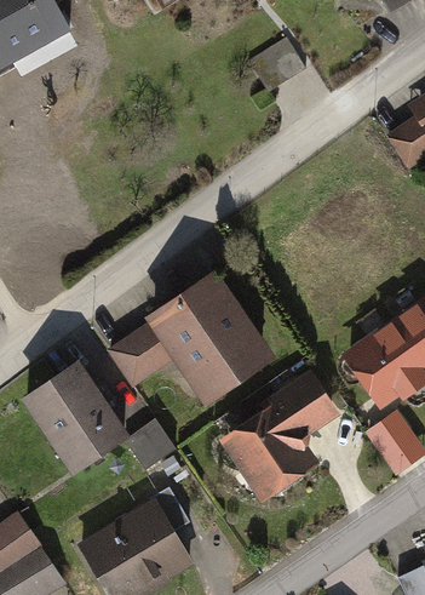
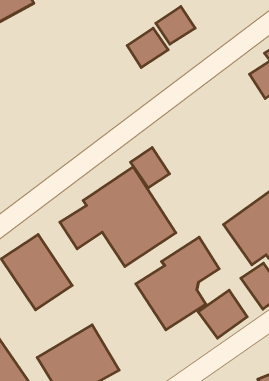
building: none -> [127,28,168,68]
building: none -> [130,147,170,188]
building: [125,422,172,470] -> none
building: none -> [198,290,247,338]

